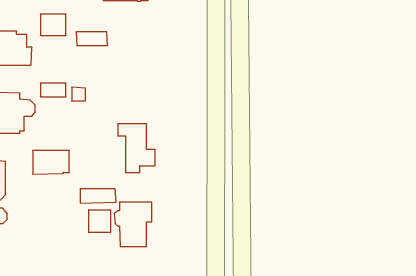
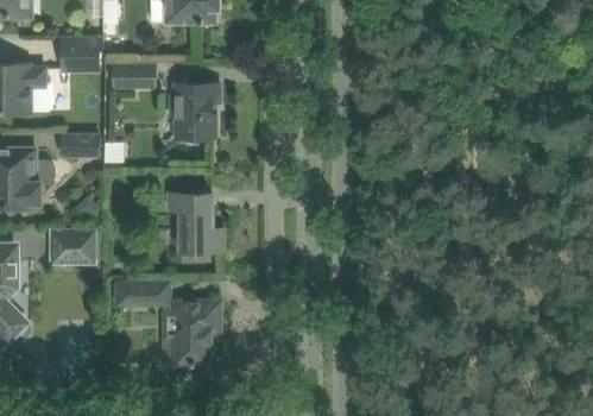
building: none -> [172,83,216,140]
building: [89,210,110,233] -> none

